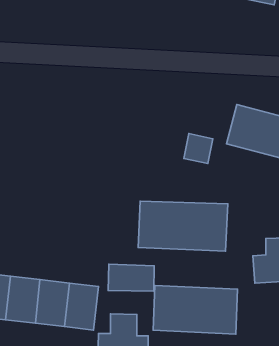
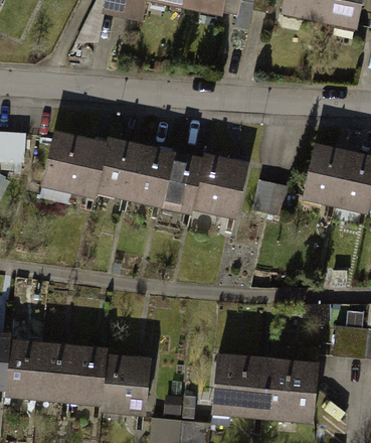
building: none -> [43,134,248,215]
building: [138,201,228,251] -> none
building: [108,264,154,291] -> none

